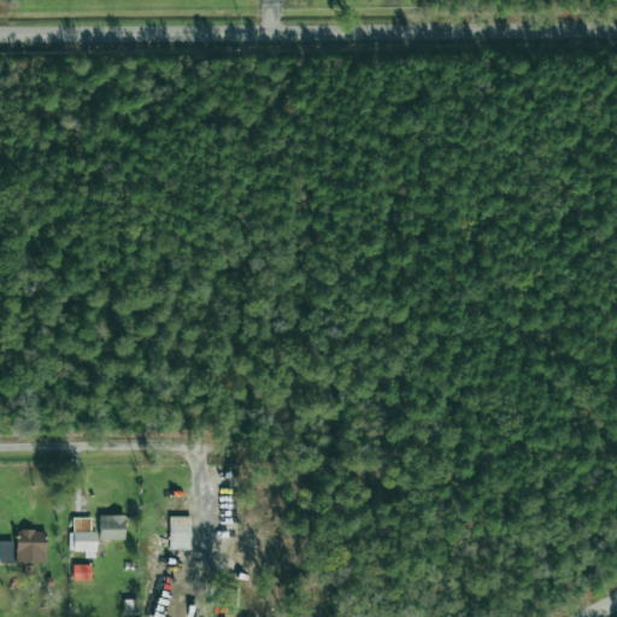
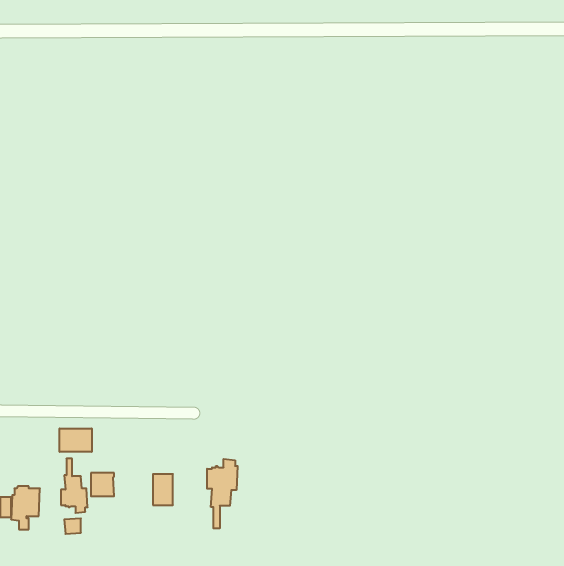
building: none -> [60,428,92,452]
building: none -> [207,459,238,528]

